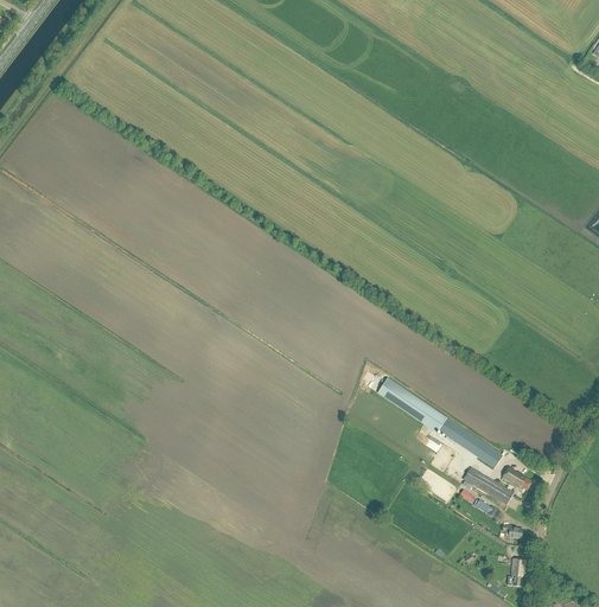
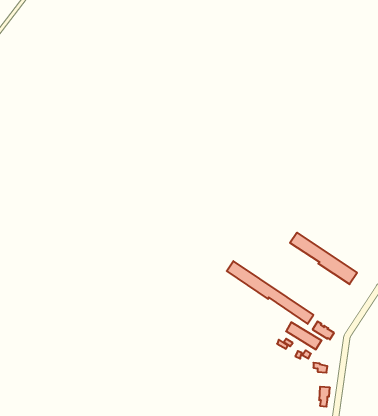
building: none -> [290,233,357,284]

